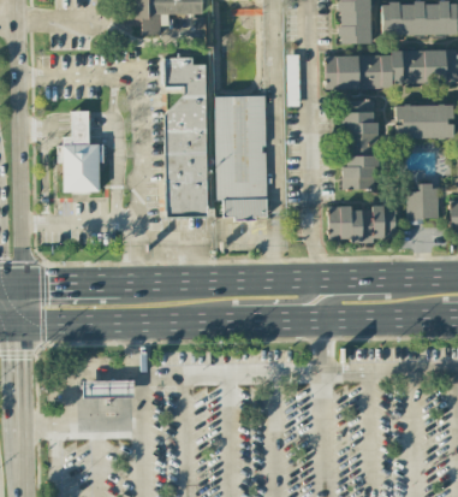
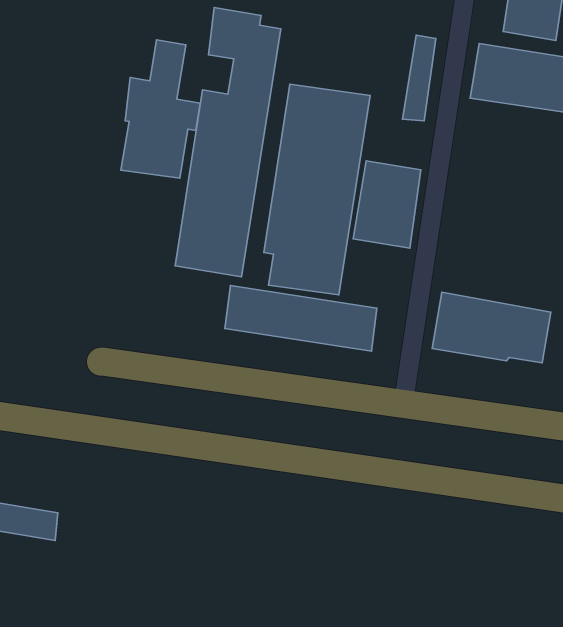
building: [343,100,377,148] -> [353,161,421,248]
building: [59,111,103,193] -> [121,40,200,178]
building: [344,155,376,189] -> none
building: none -> [225,286,377,351]

